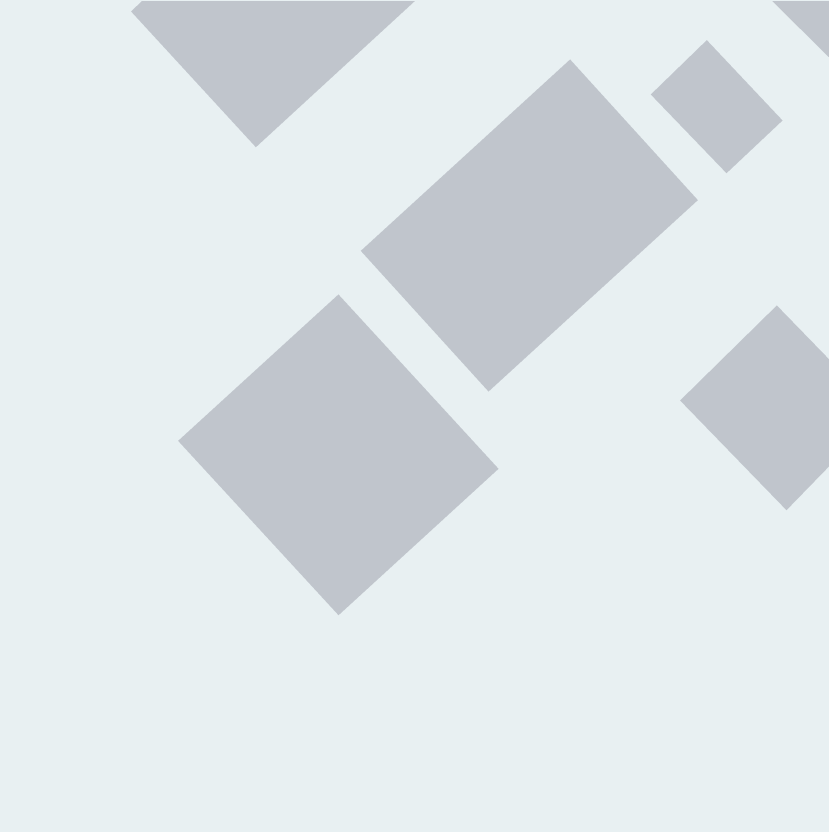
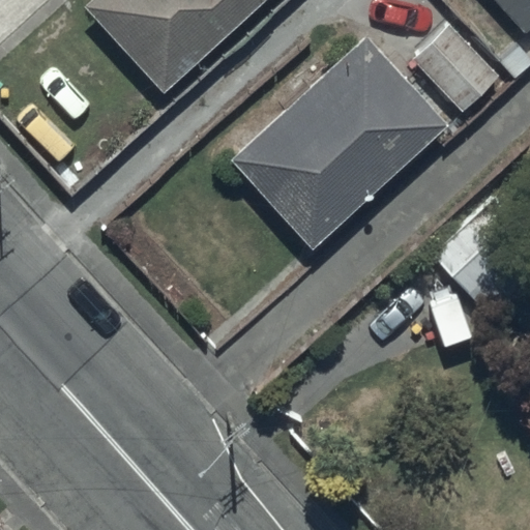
building: [177,293,500,616] -> none

